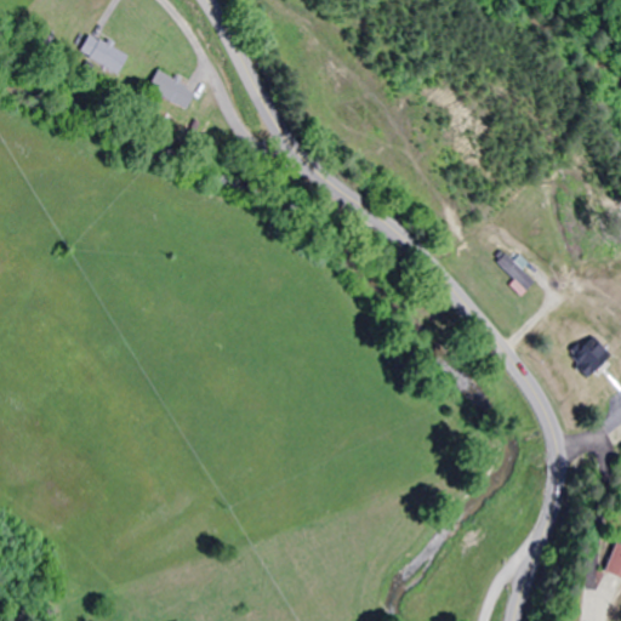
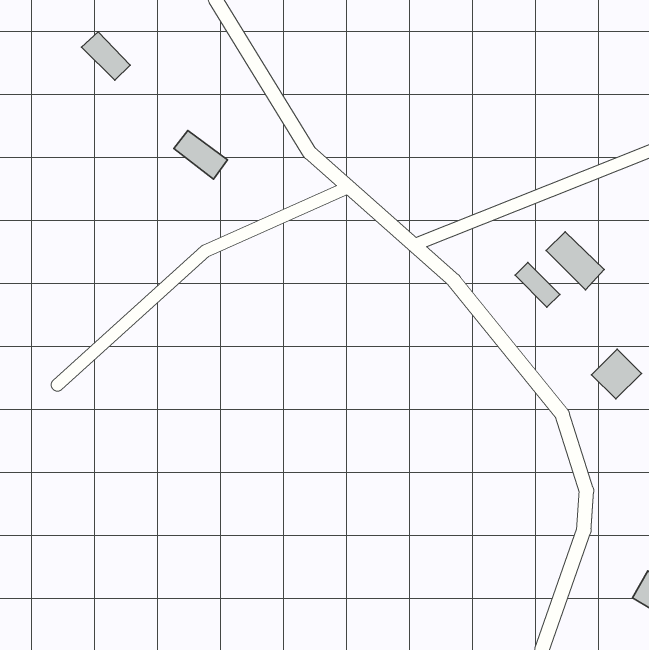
building: [147,67,198,113] -> [174,131,227,179]
building: none -> [546,232,604,290]

